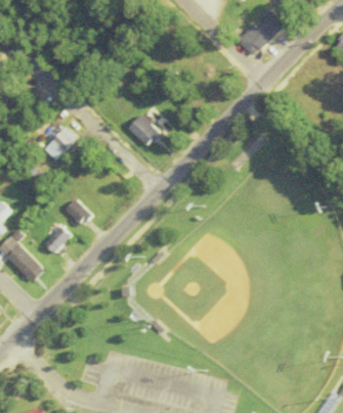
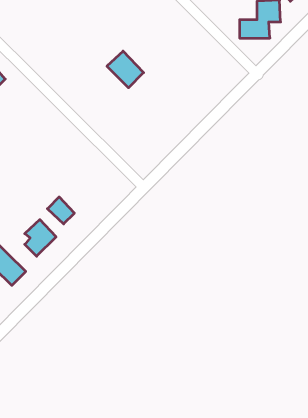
building: [128,114,163,149] -> [107,51,144,88]
building: [42,127,76,160] -> none

